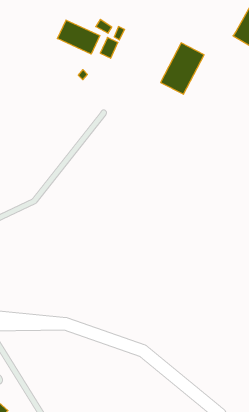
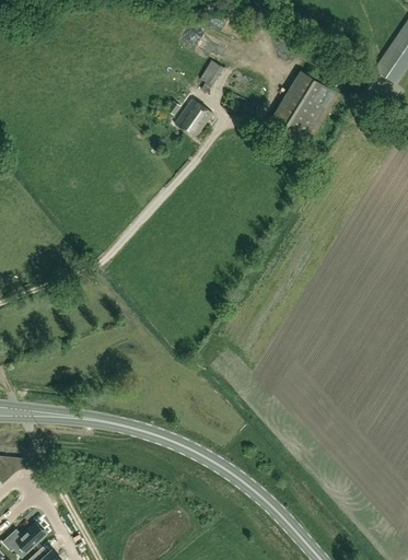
building: [57,20,100,54] -> none
building: none -> [173,98,211,138]

